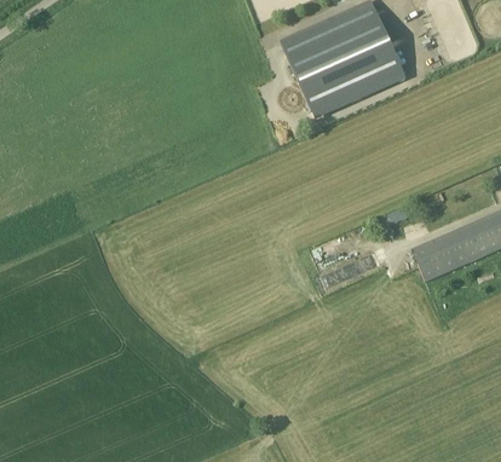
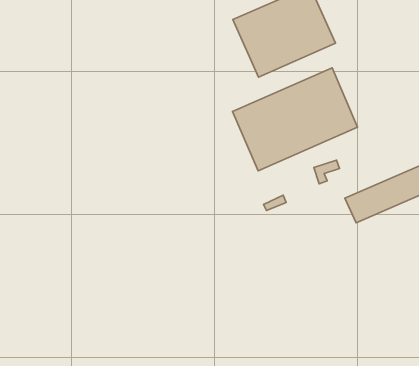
building: none -> [232,68,358,171]

